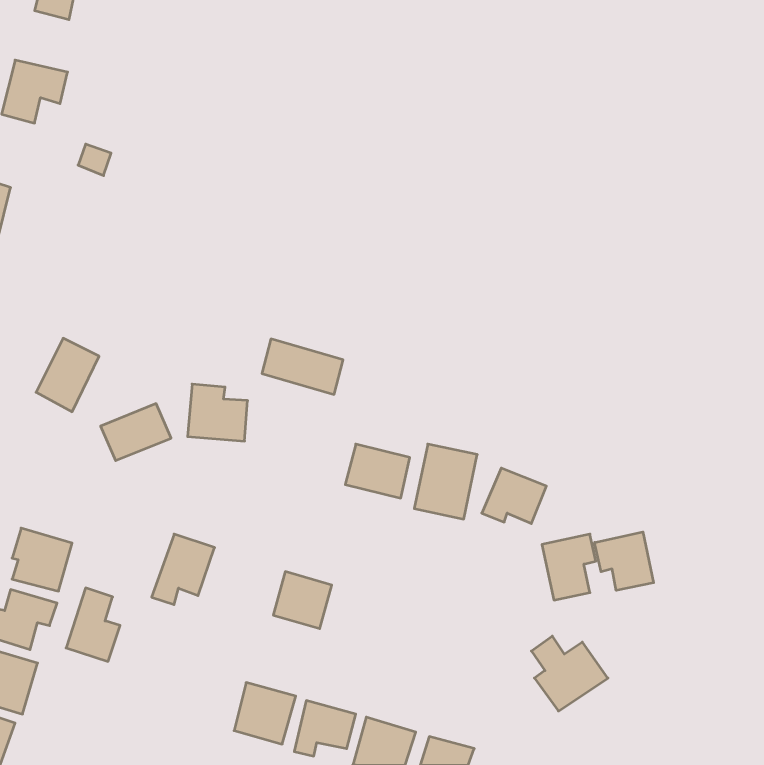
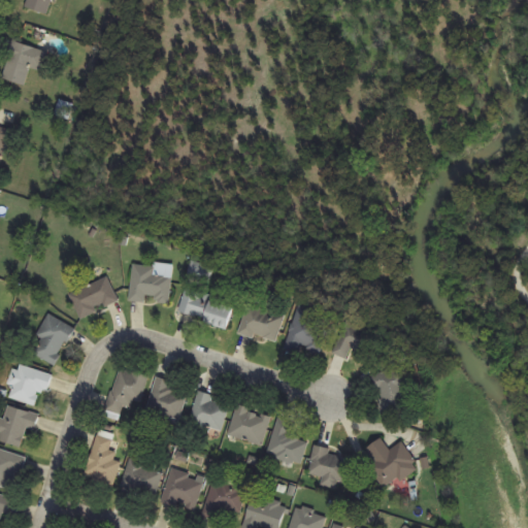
building: [36,338,99,412] -> [30,315,73,365]
building: [262,339,343,394] -> [176,289,232,327]
building: [595,532,654,590] -> none
building: none -> [145,377,189,420]
building: [66,588,120,661] -> [82,435,120,486]
building: none -> [227,405,269,446]
building: none -> [266,419,306,464]
building: none -> [307,446,348,489]
building: none -> [119,458,163,498]

